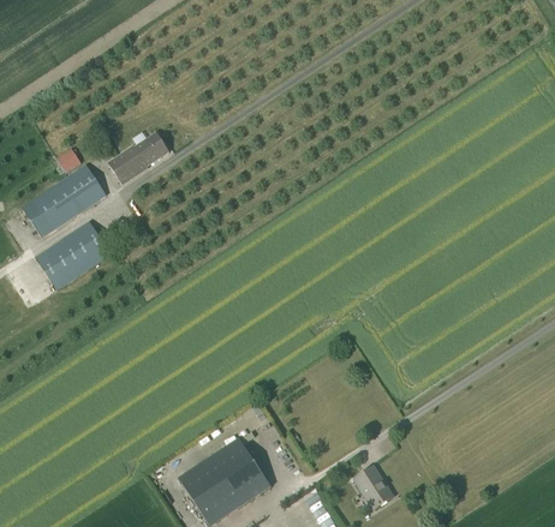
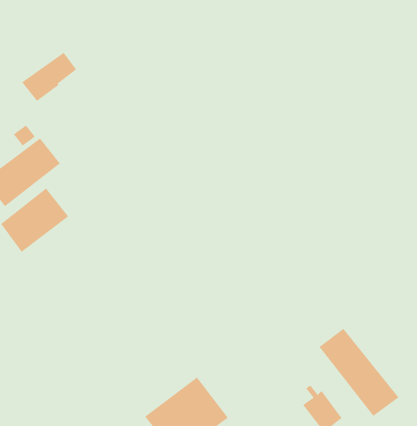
building: [107,131,169,184] -> [21,52,77,102]
building: none -> [319,328,399,417]

